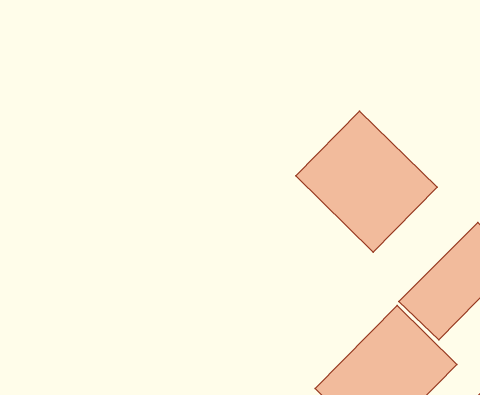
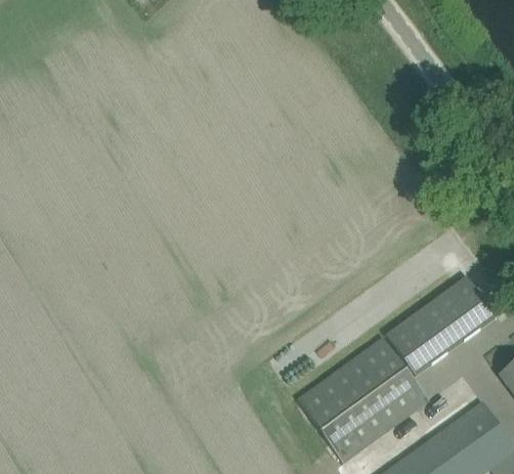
building: [296,111,437,252] -> none

